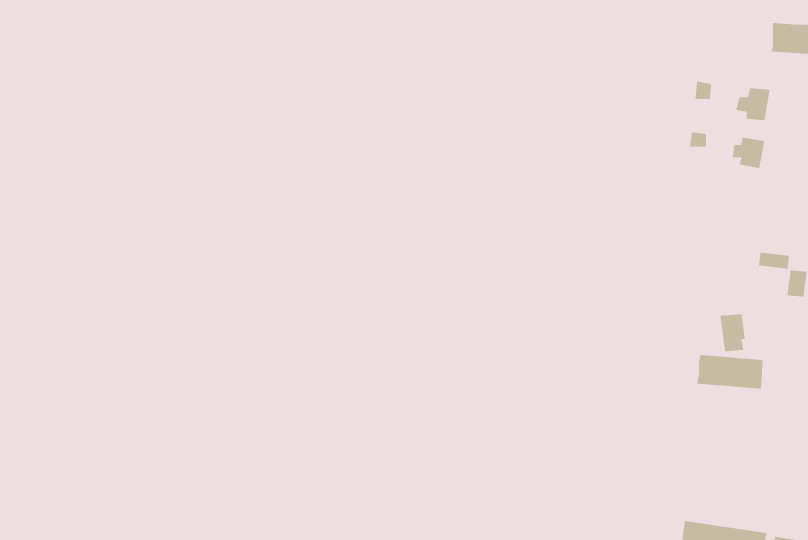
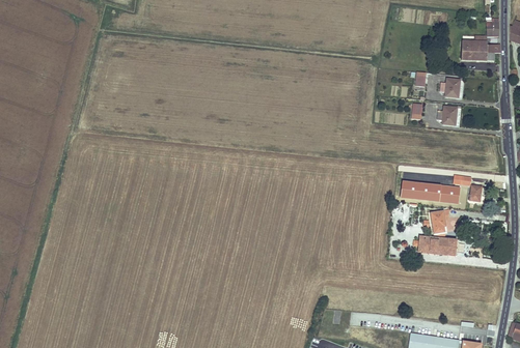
building: none -> [401,179,460,203]

